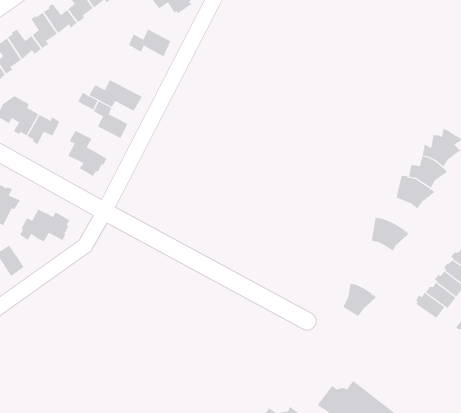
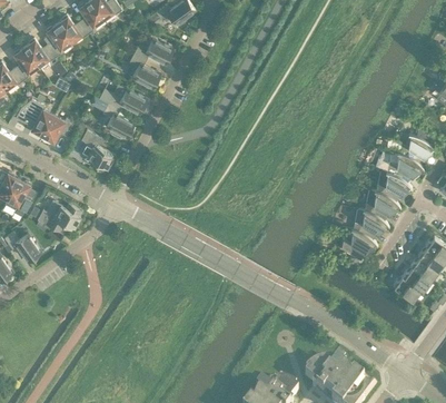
building: none -> [128,52,160,87]
building: none -> [364,189,399,220]
building: [343,282,378,317] -> [345,228,377,259]

